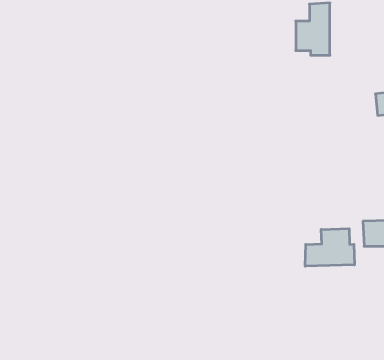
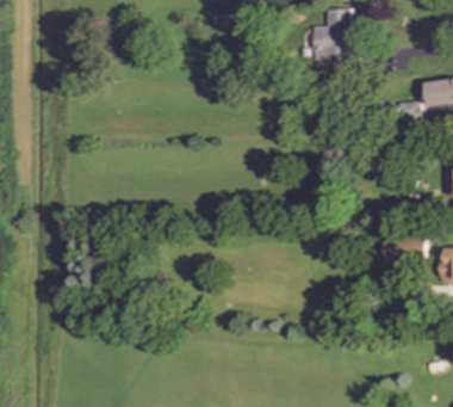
building: [305,229,354,266] -> none

